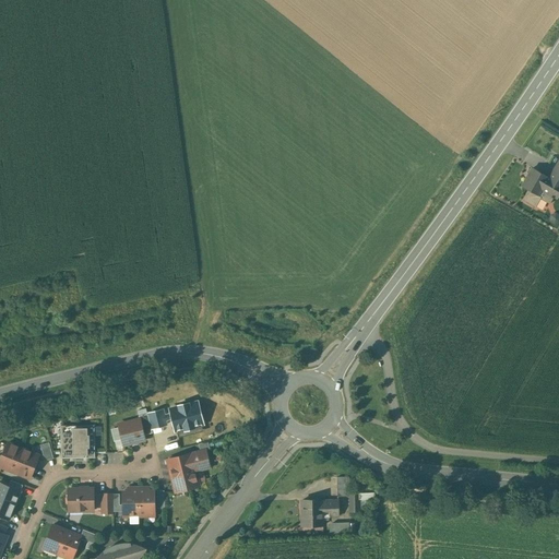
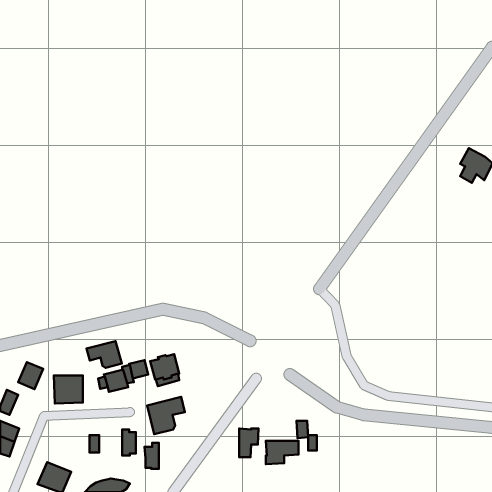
building: none -> [87,341,122,368]
building: [11,448,39,478] -> [18,362,43,389]
building: none -> [239,429,259,457]
building: [122,487,139,516] -> [145,443,159,469]
building: [67,488,93,511] -> none

